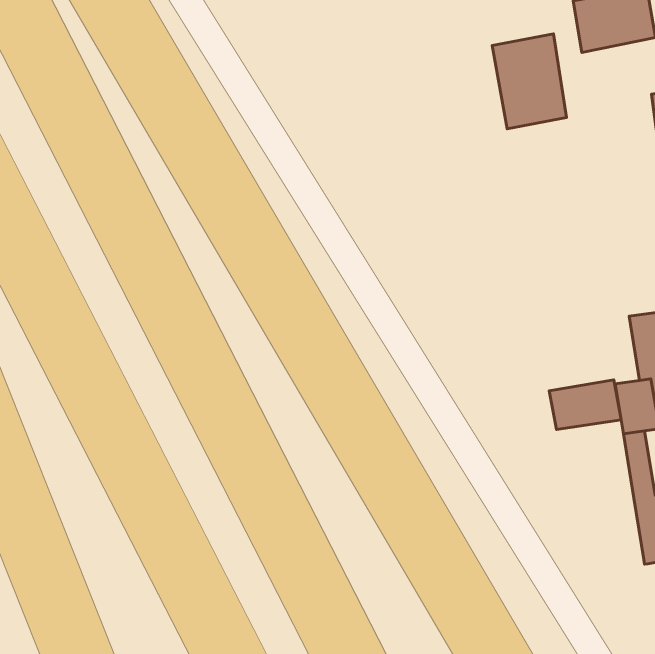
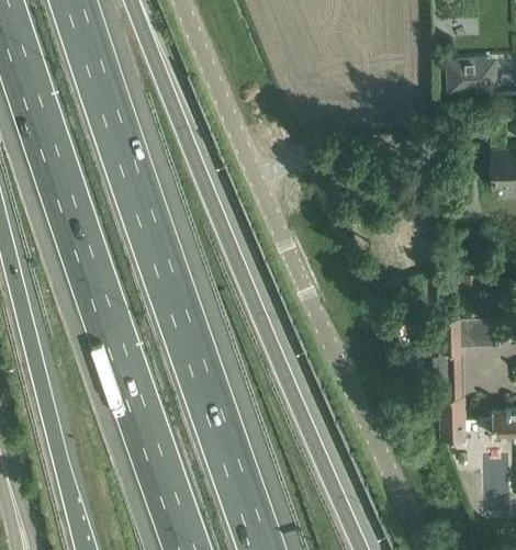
building: [492,34,567,129] -> none
building: [549,380,621,429] -> none

